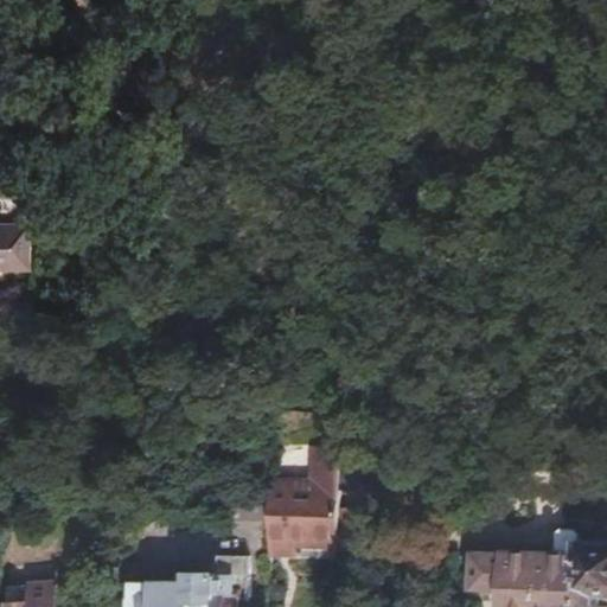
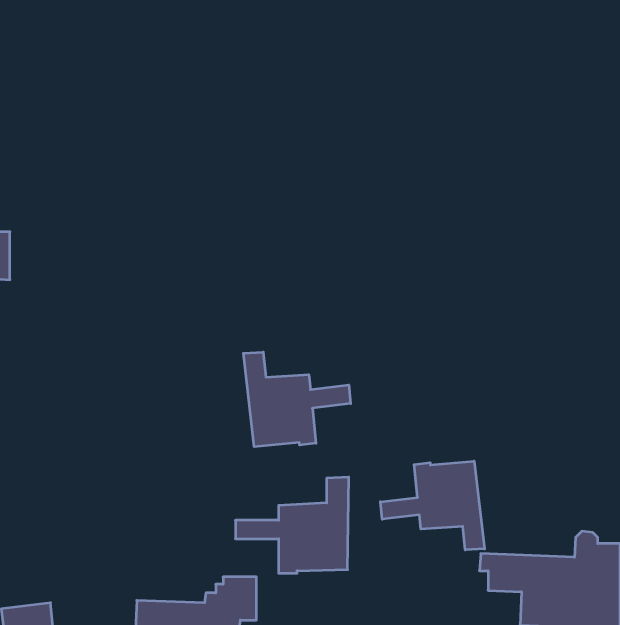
building: none -> [243,352,351,447]
building: none -> [380,461,485,550]

